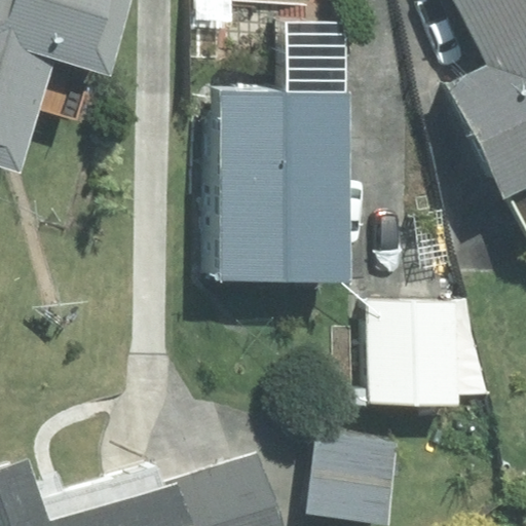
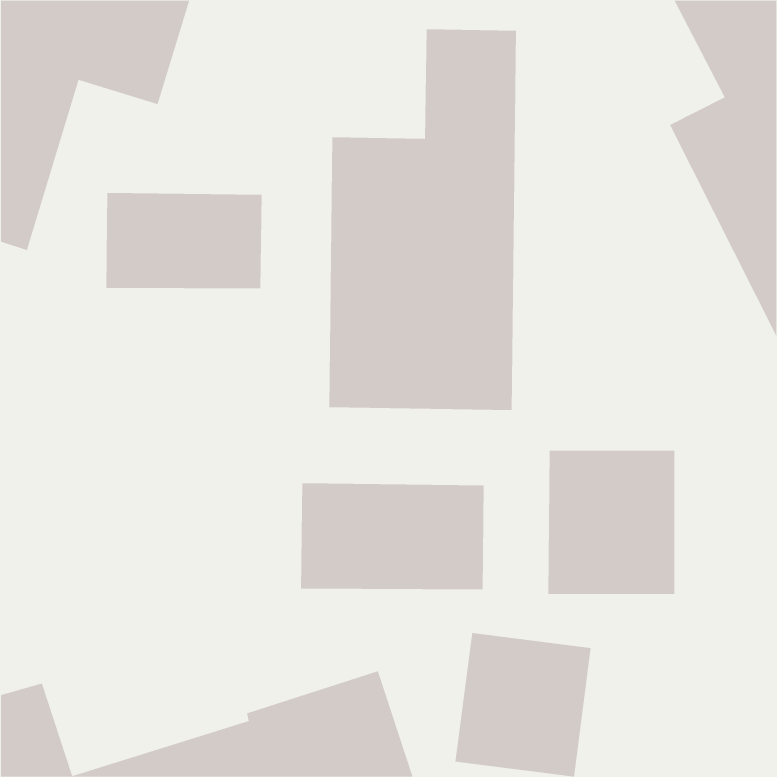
building: none -> [106,192,262,289]
building: none -> [301,483,484,590]

